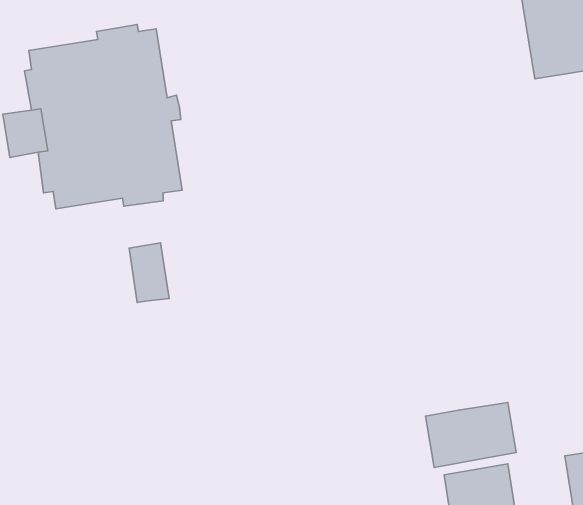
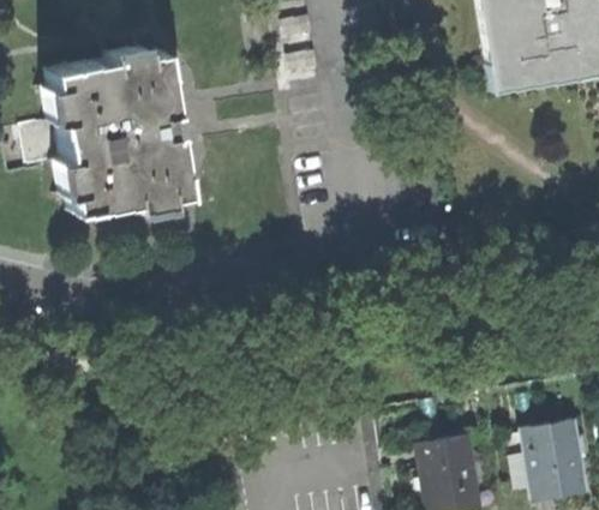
building: [129,243,169,302] -> none
building: [425,402,516,467] -> none

